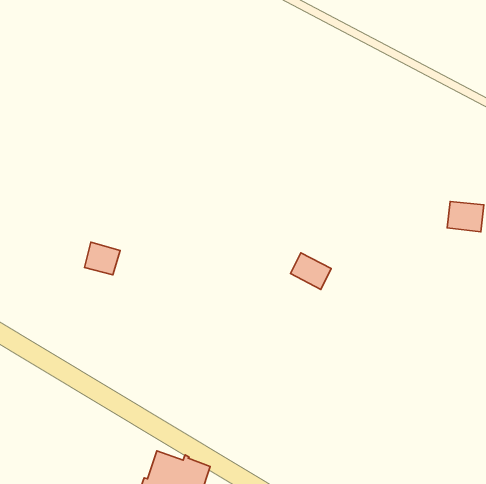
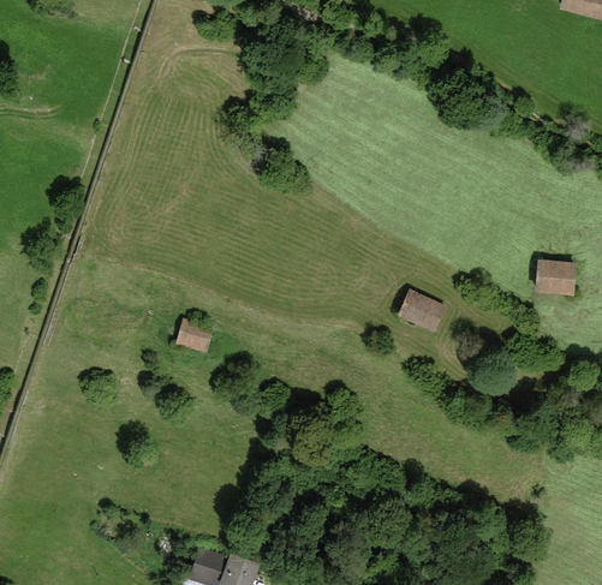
building: [85,242,120,275] -> [174,316,215,353]
building: [290,253,331,289] -> [400,289,447,332]

